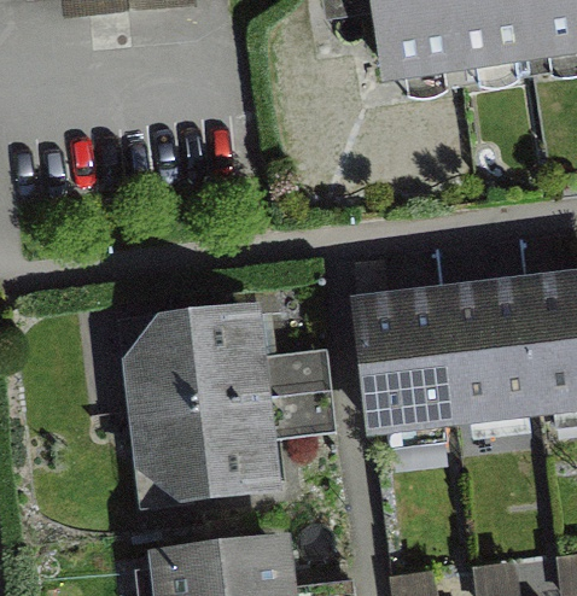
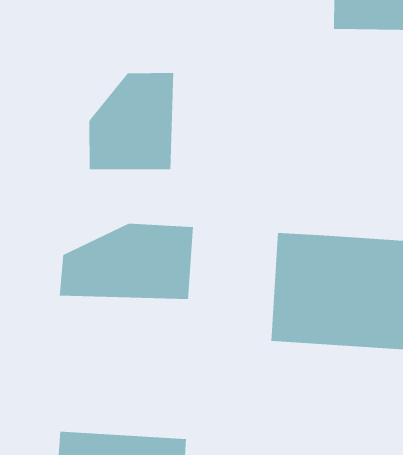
building: none -> [89,72,174,170]
building: [127,386,284,503] -> none

